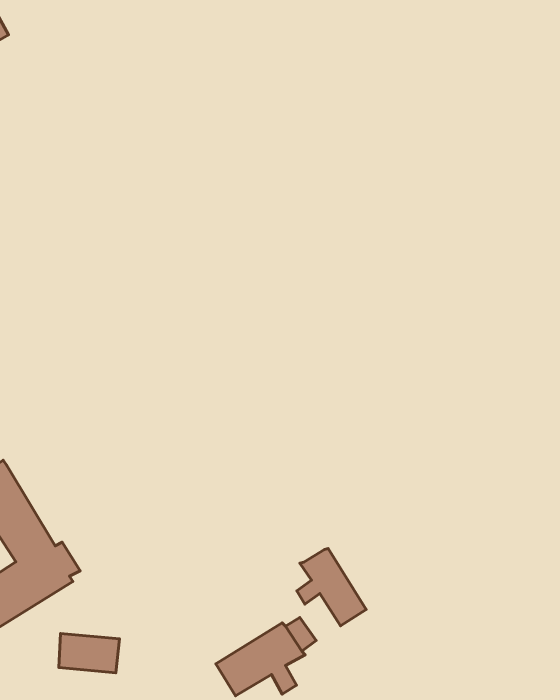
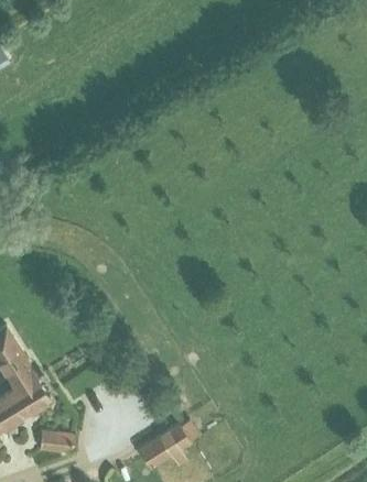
building: [297,548,366,626] -> none

